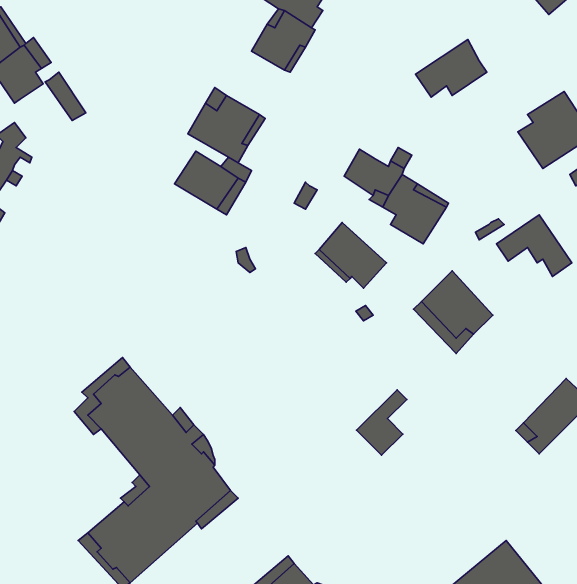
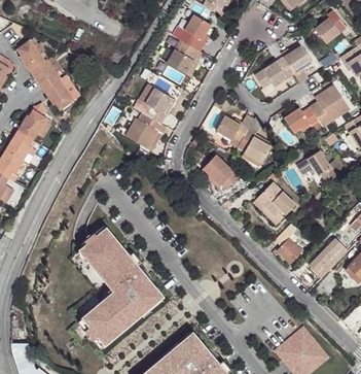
building: none -> [281,44,313,81]
building: none -> [44,79,73,108]
building: none -> [284,106,323,133]
building: [357,390,407,455] -> [277,227,303,262]

